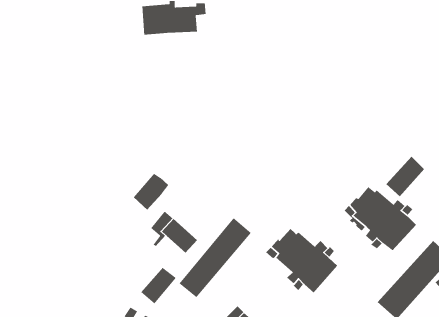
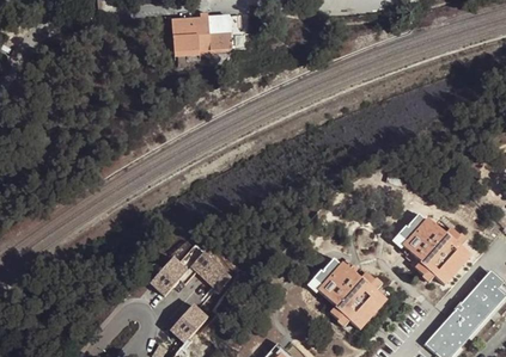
building: [386,156,425,197] -> none
building: [133,173,169,210] -> [152,256,191,296]
building: [178,217,252,298] -> none

